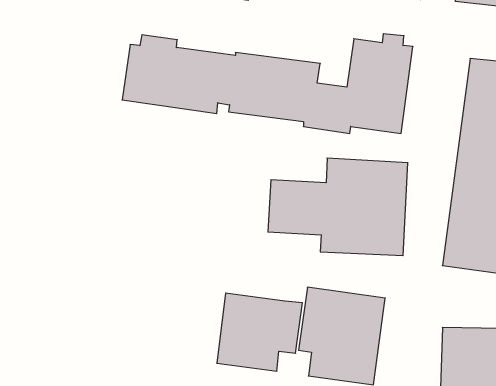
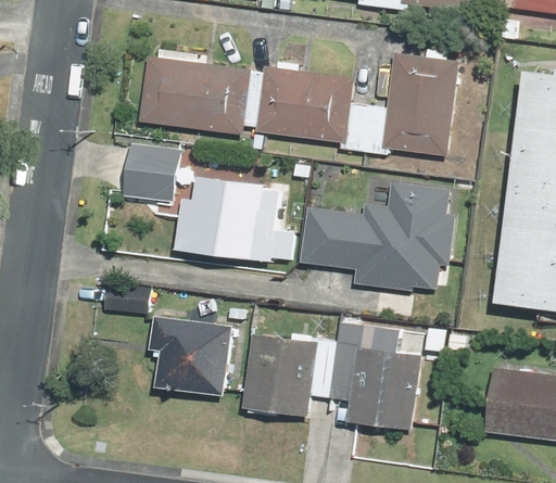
building: none -> [123,142,177,200]
building: none -> [175,179,296,262]
building: none -> [149,316,232,396]

